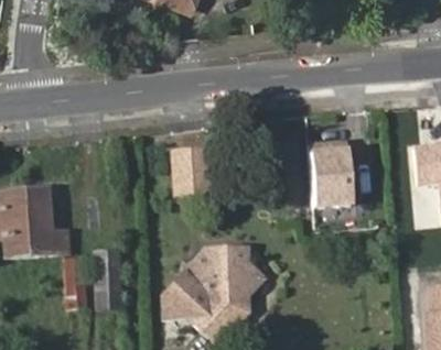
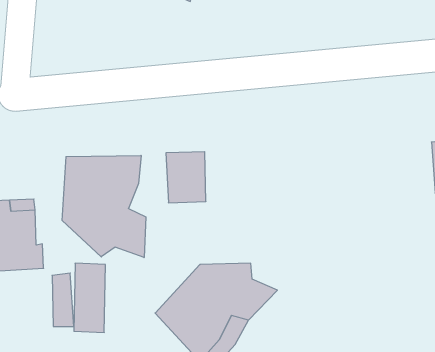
building: [308,151,352,211] -> none
building: none -> [62,155,146,258]

